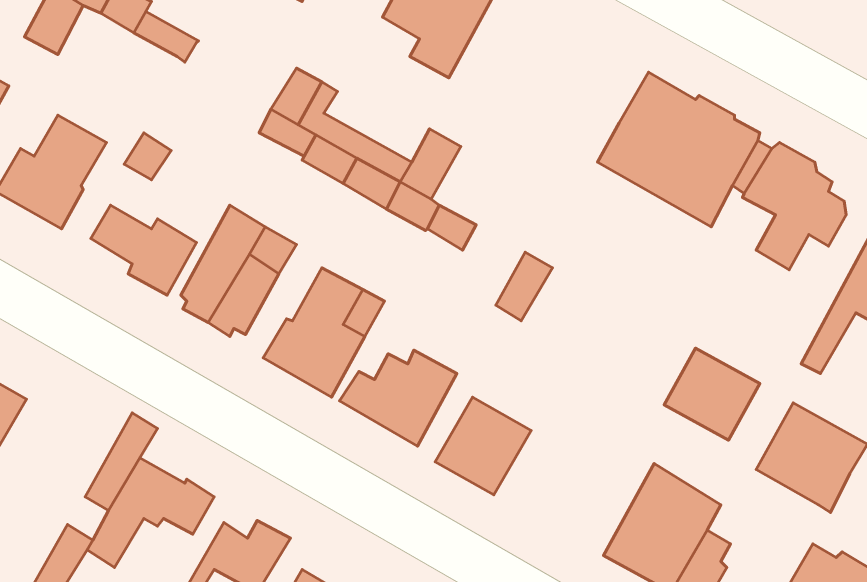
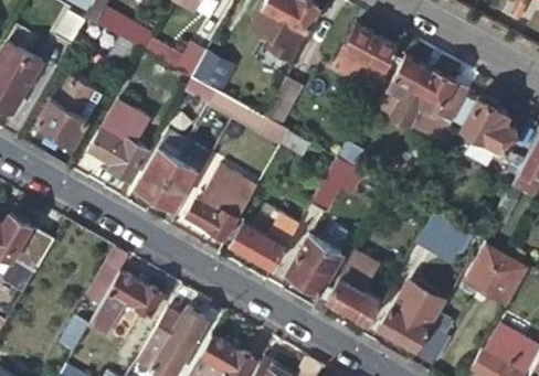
building: none -> [334,24,398,104]
building: none -> [144,40,207,77]
building: none -> [314,264,381,323]

